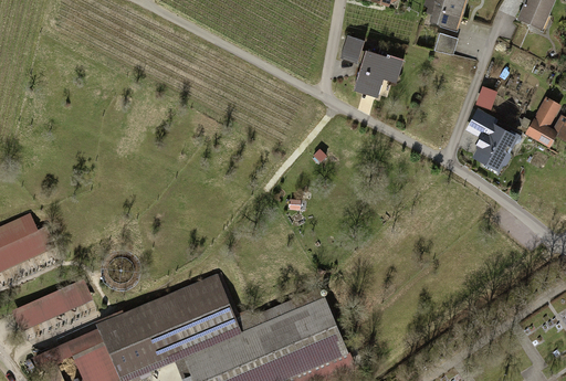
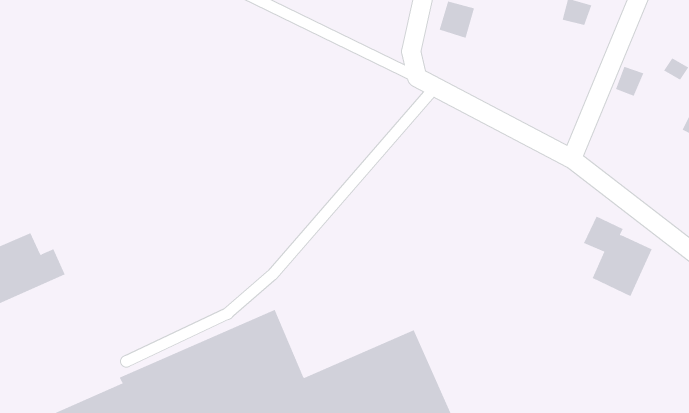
building: [357,51,406,96] -> none
building: [468,109,521,171] -> [583,216,653,297]
building: [12,278,91,332] -> none

